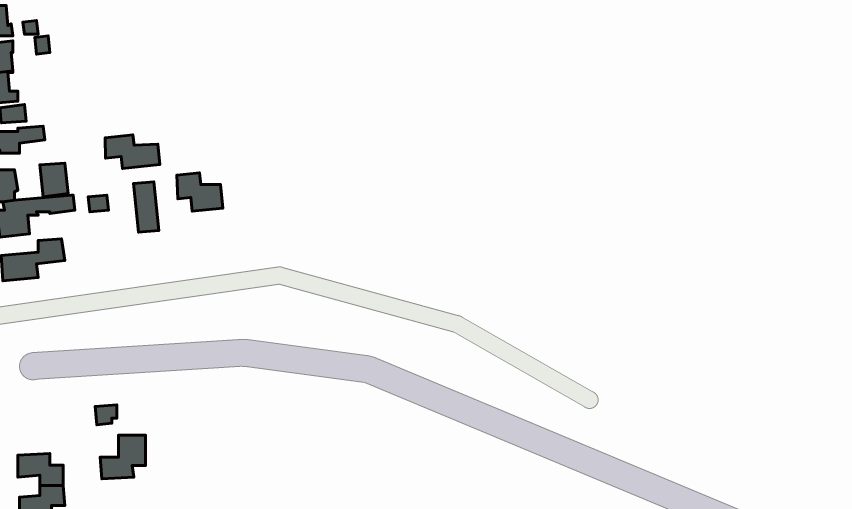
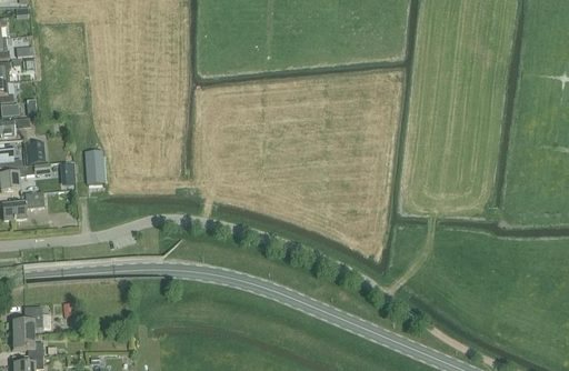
building: [105,135,160,168] -> none
building: [177,173,223,211] -> none
building: [100,435,145,479] -> [11,305,41,334]

